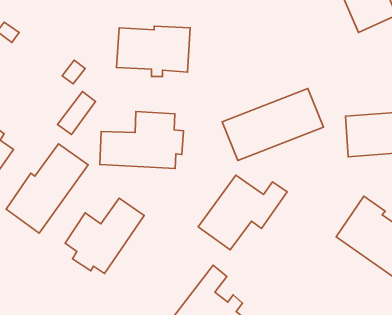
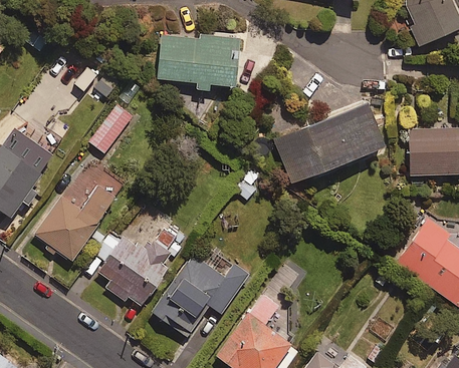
building: [100,111,183,168] -> none
building: [198,175,287,250] -> [153,256,250,337]

